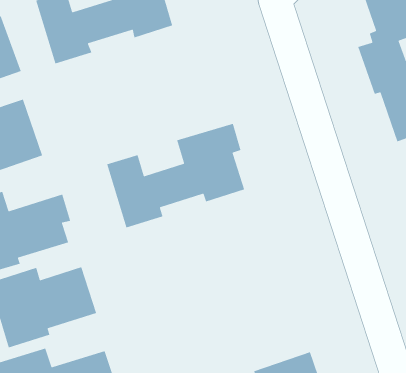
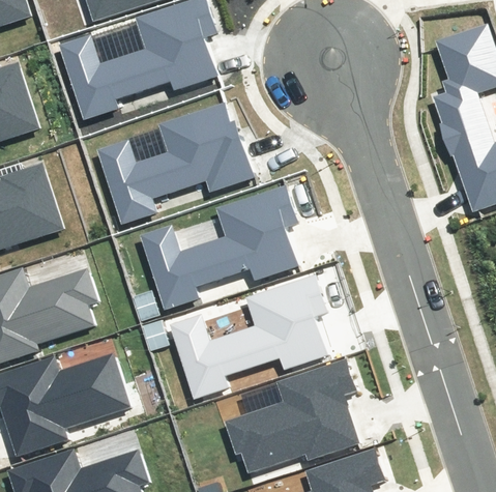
building: none -> [96,104,253,222]
building: none -> [167,278,326,399]
building: none -> [229,357,360,469]

